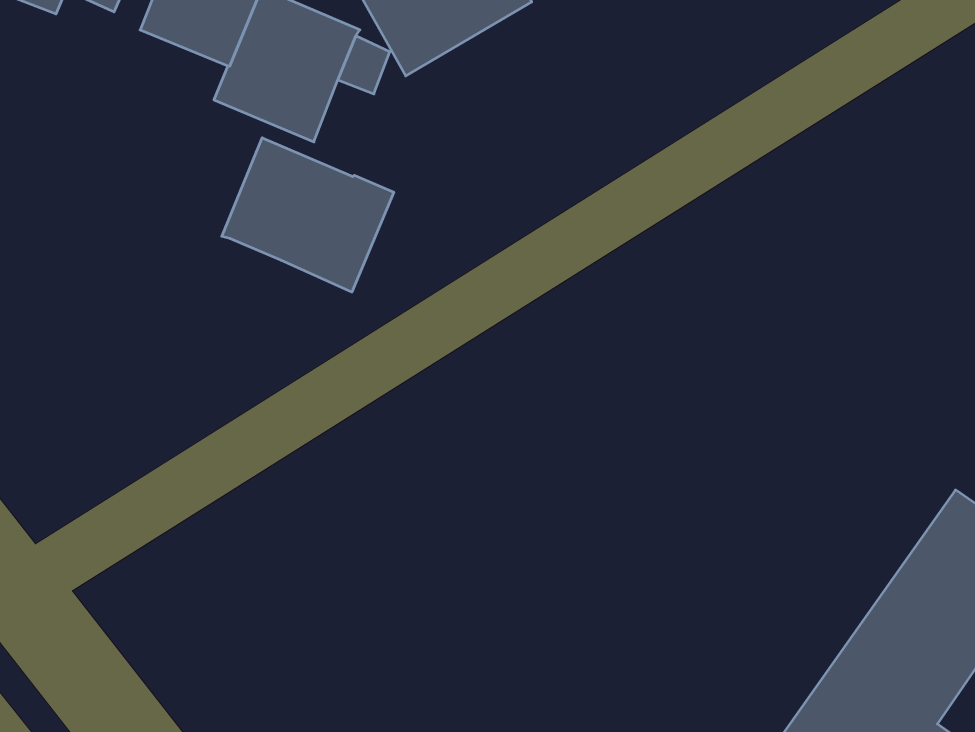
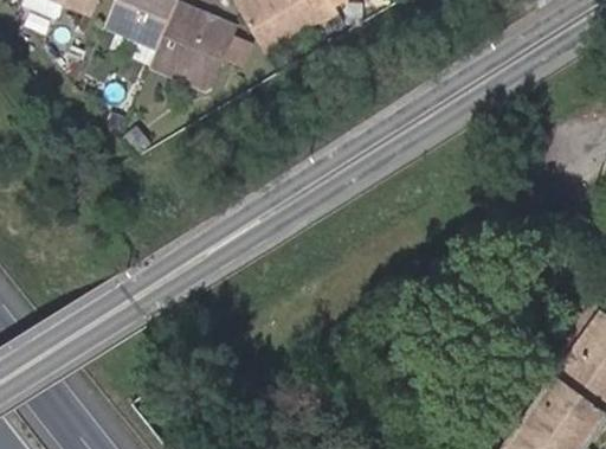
building: [222,138,394,292] -> none

